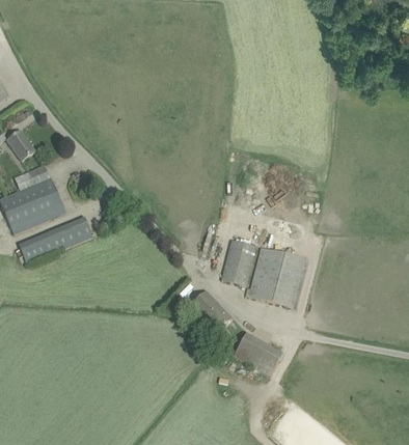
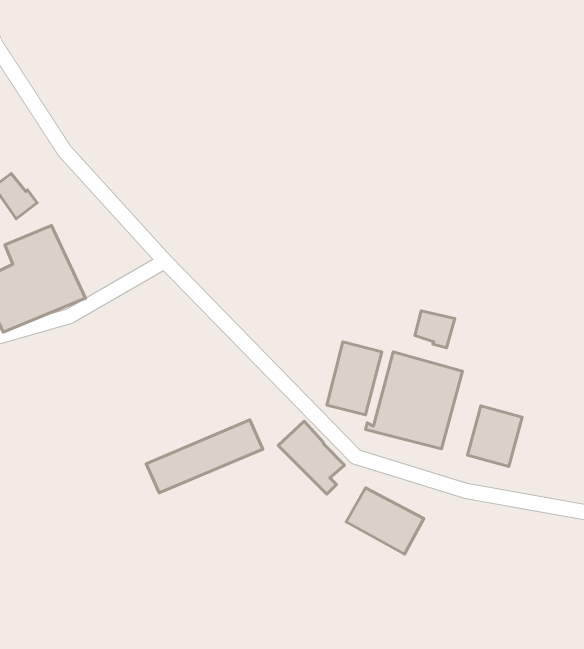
building: [18,217,92,263] -> [146,420,263,493]
building: none -> [415,311,455,348]
building: none -> [468,406,522,466]

